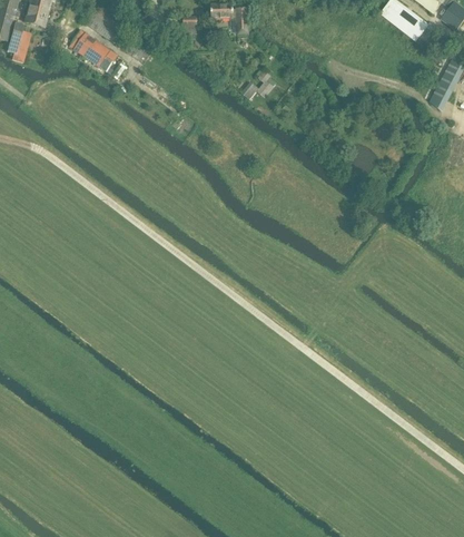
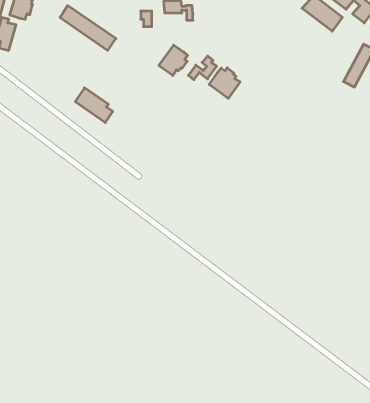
building: [70,29,116,71] -> [75,88,113,123]
building: none -> [159,45,188,76]
building: none -> [209,68,240,98]

